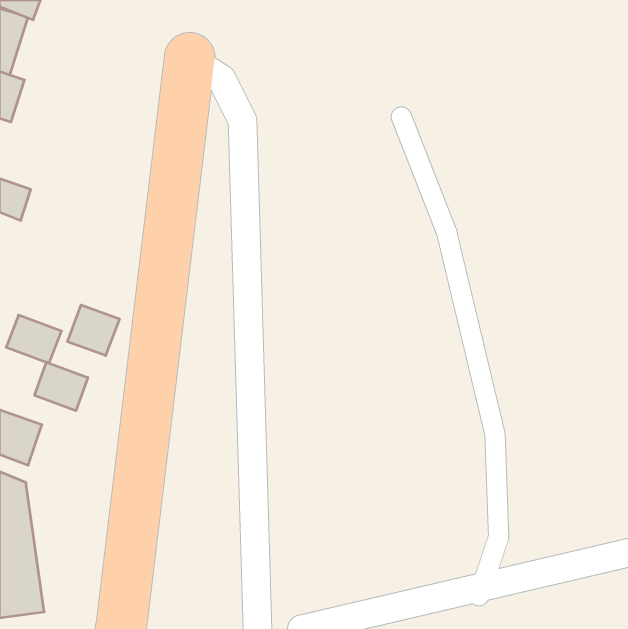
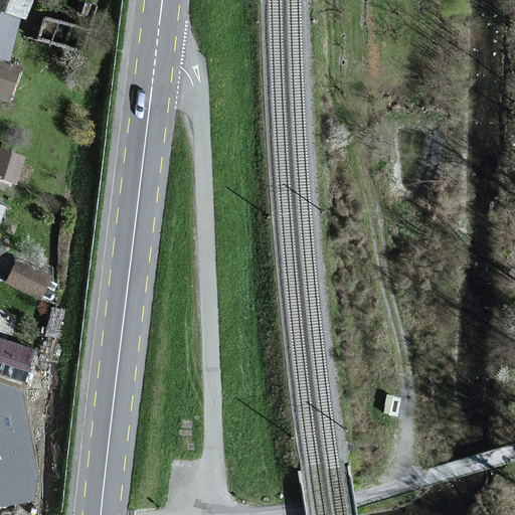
building: [68,305,119,356] -> none
building: [35,362,88,411] -> none

